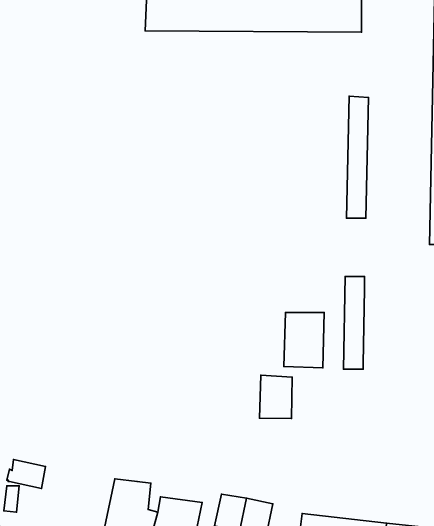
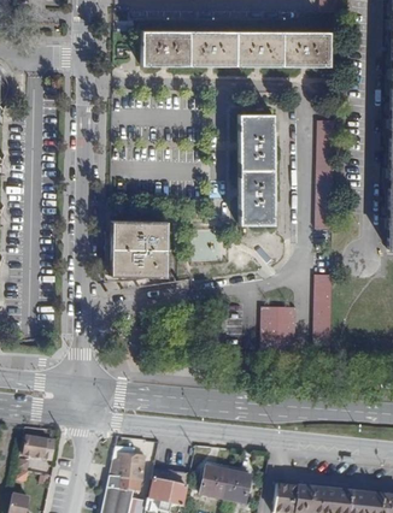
building: none -> [239,113,274,224]
building: none -> [111,220,168,277]
building: [260,375,292,419] -> none

